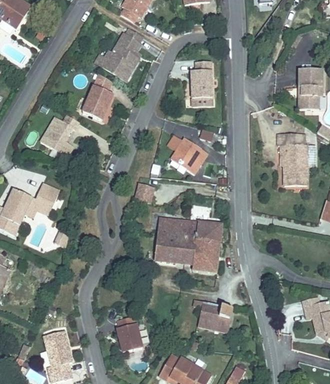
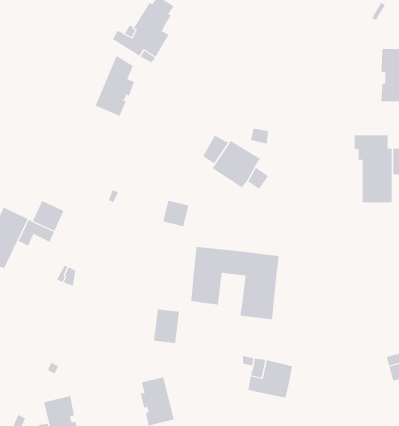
building: [191,61,213,98] -> none
building: [41,115,79,157] -> none
building: [176,238,196,264] -> [153,309,180,343]

